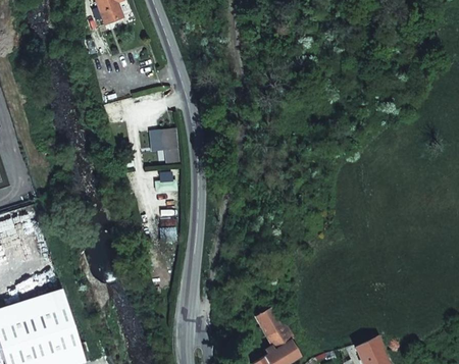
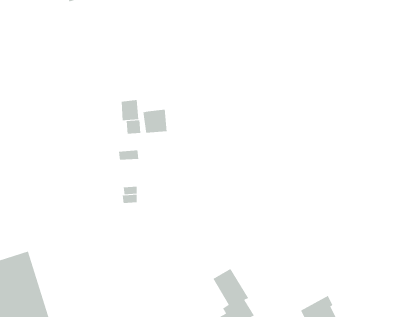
building: none -> [143,109,167,134]

